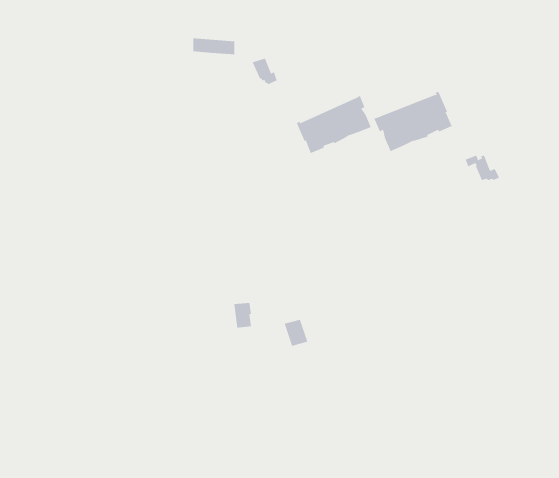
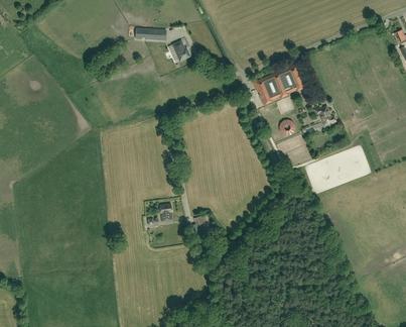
building: [296,95,371,154] -> none

